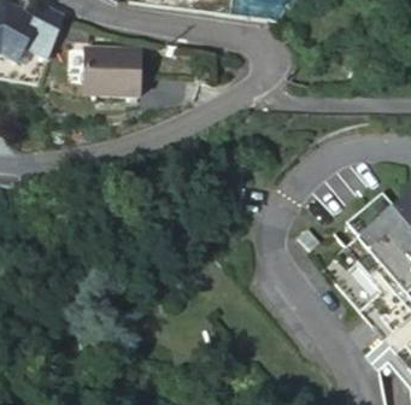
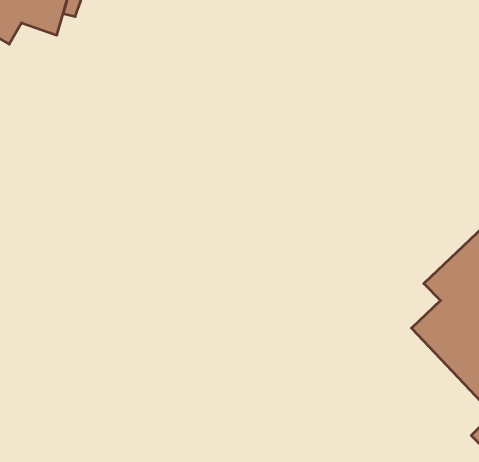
building: [82,43,140,93] -> none

